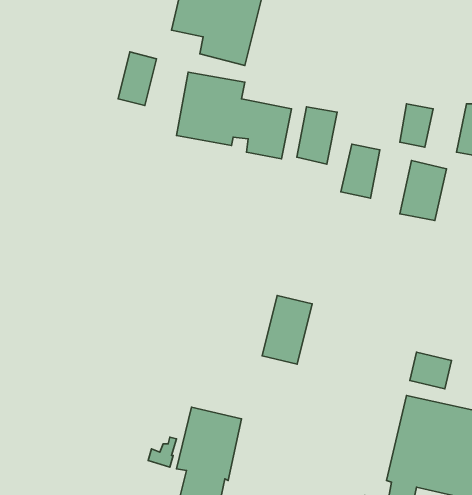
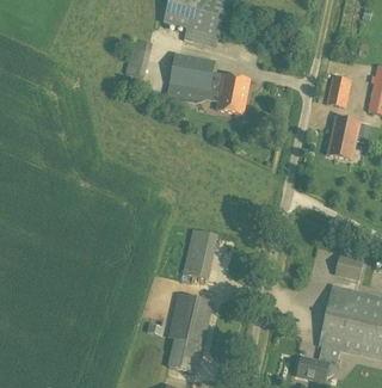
building: [297,107,337,164] -> none
building: [341,144,380,198] -> none
building: [262,296,312,364] -> [183,229,218,278]

